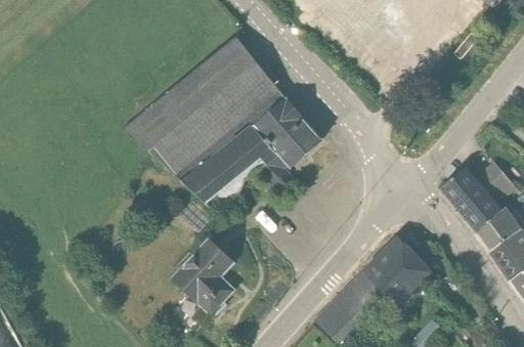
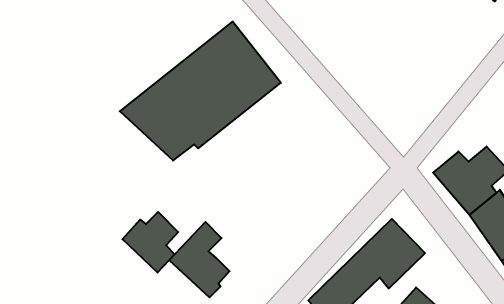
building: [181,98,321,209] -> none
building: none -> [122,212,178,273]

